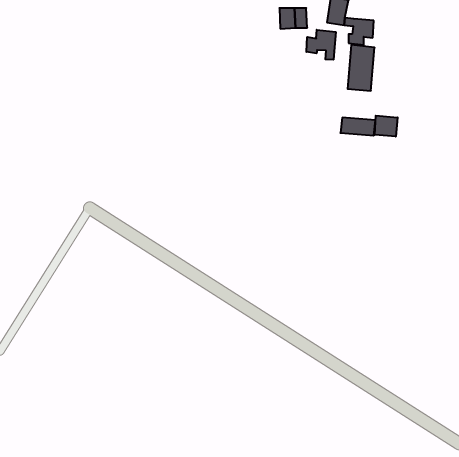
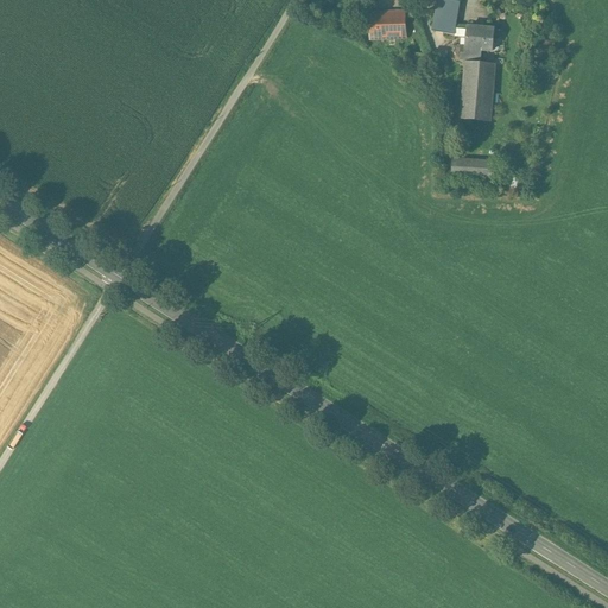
building: [306,30,336,60] -> none
building: [375,116,398,137] -> none

